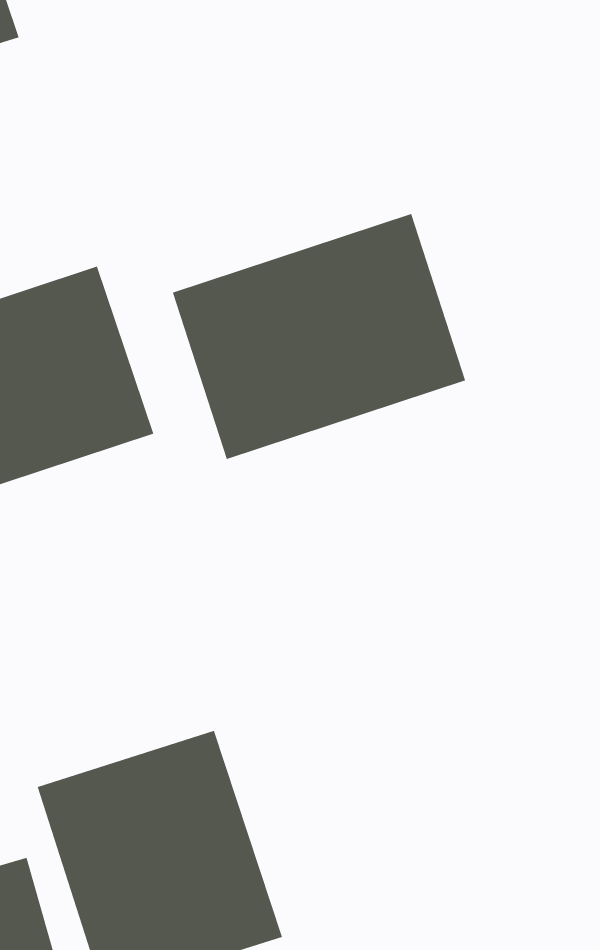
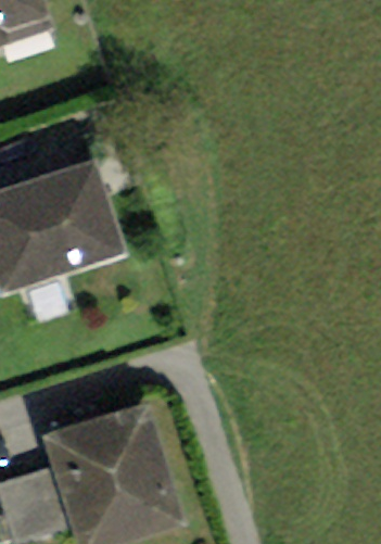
building: [172,213,466,460] -> none

